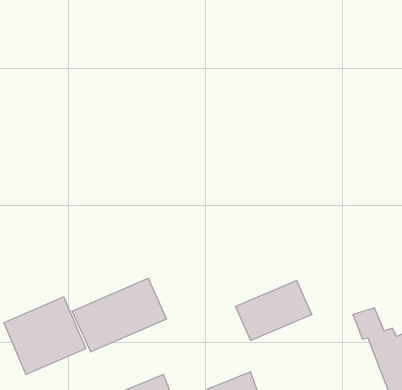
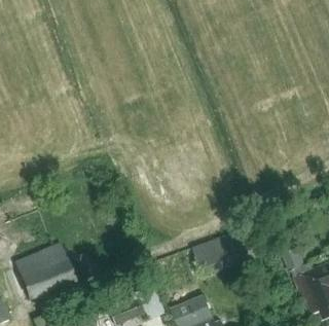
building: [72,278,167,352] -> none

